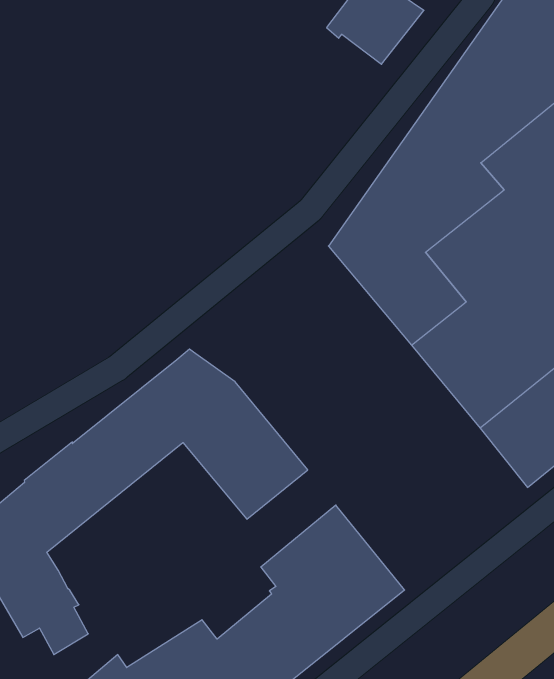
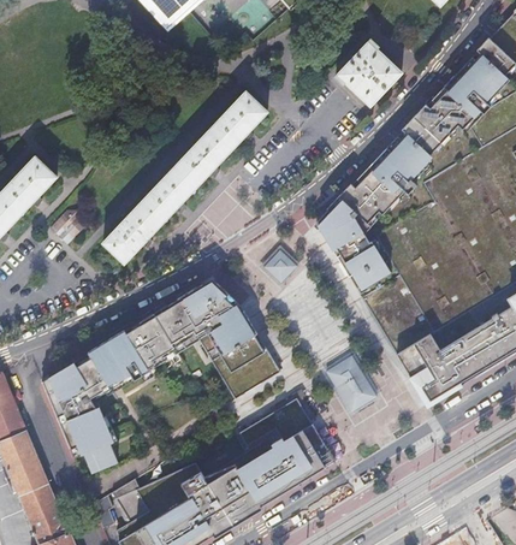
building: none -> [101,93,267,263]
building: none -> [263,250,296,284]
building: none -> [326,356,376,413]

